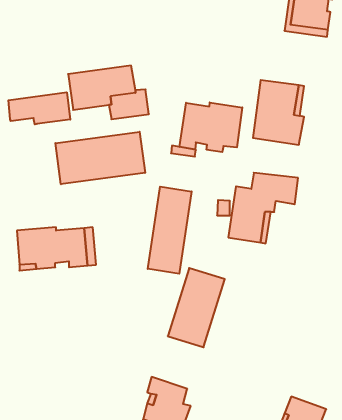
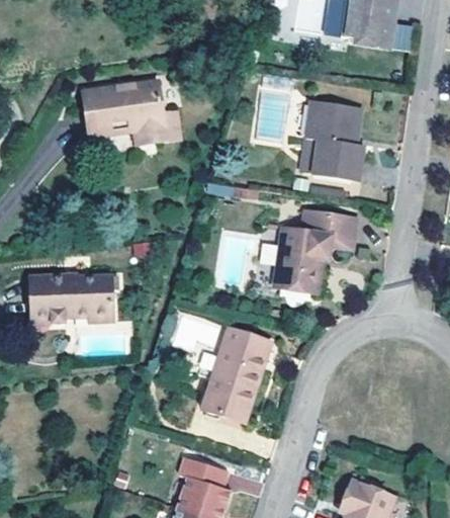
building: [8,92,70,124] -> none
building: [180,102,242,152] -> none
building: [55,132,145,184] -> none
building: [148,187,192,274] -> none

